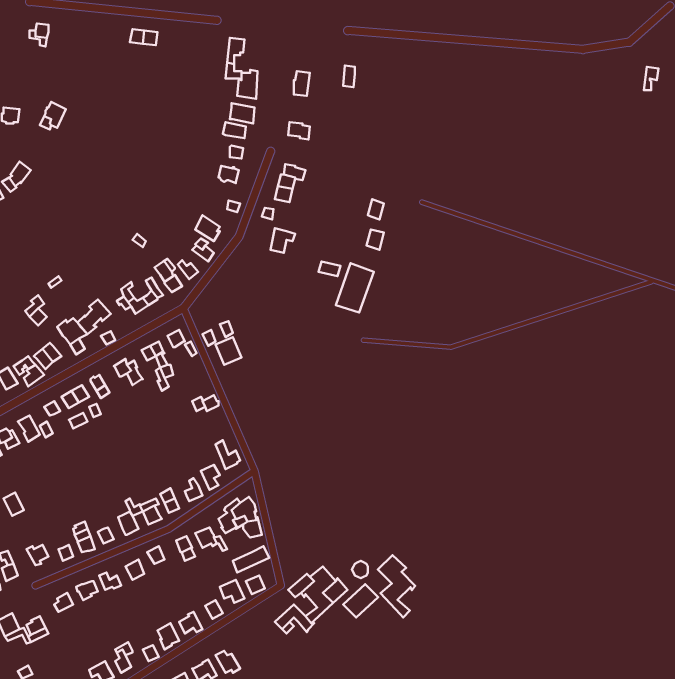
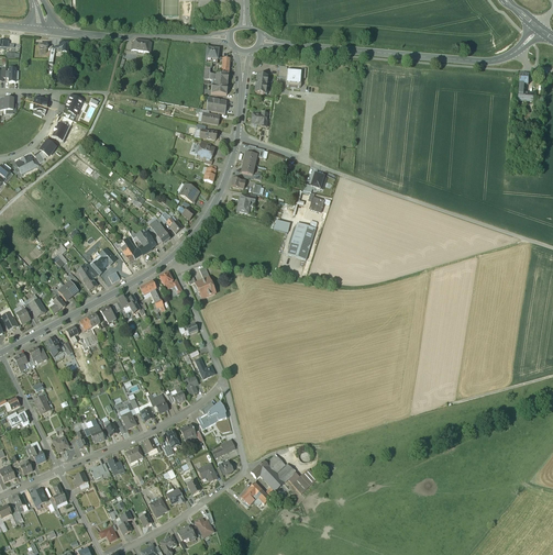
building: [378,555,415,618] -> none

